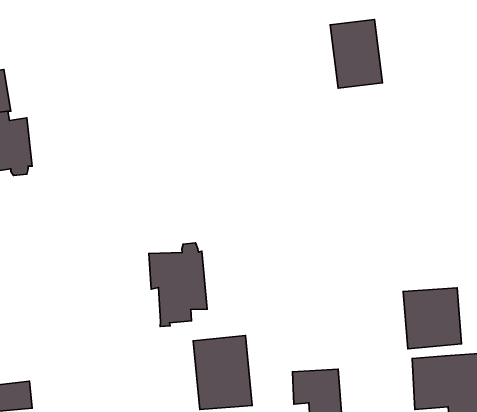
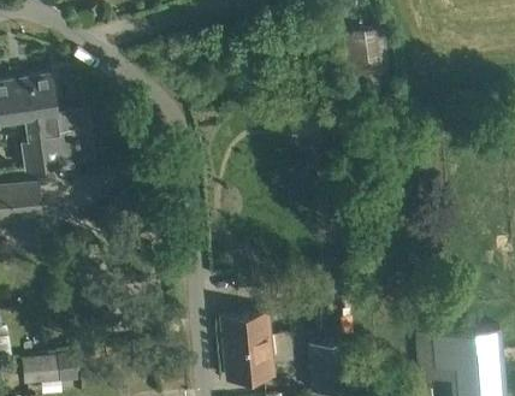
building: [149,243,207,327] -> none
building: [403,288,461,349] -> none

